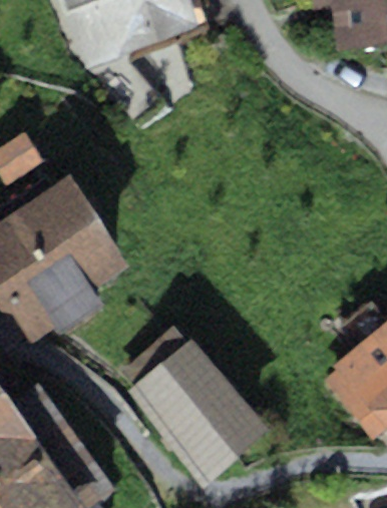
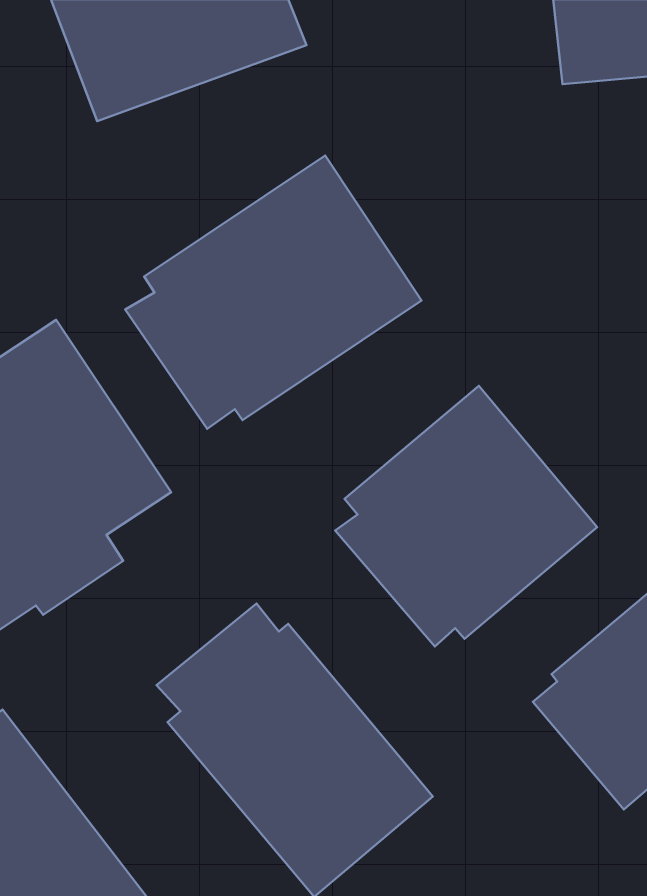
building: none -> [125,156,421,429]
building: none -> [335,386,597,647]

